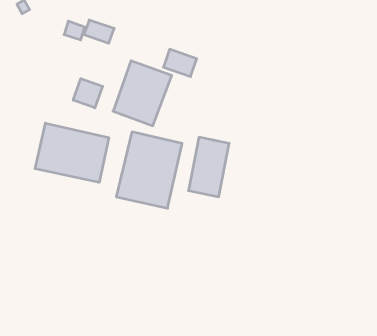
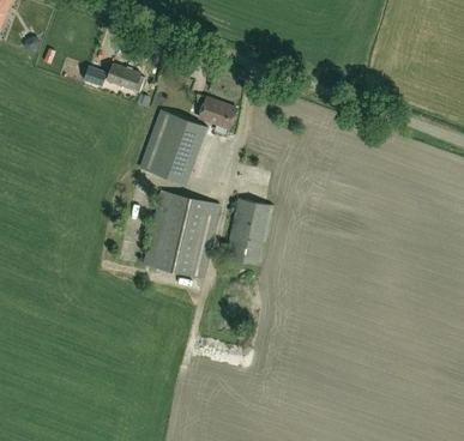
building: [73,79,103,108] -> none
building: [35,123,109,182] -> none

